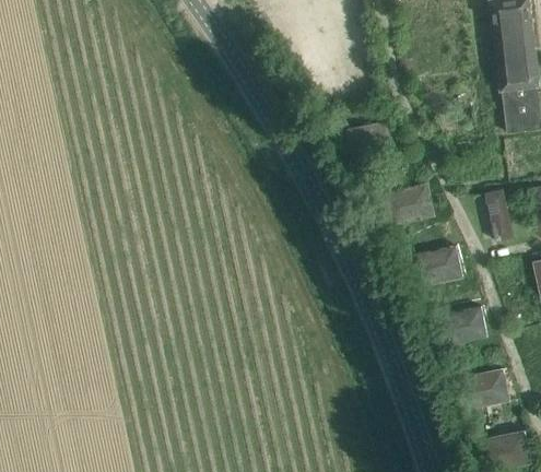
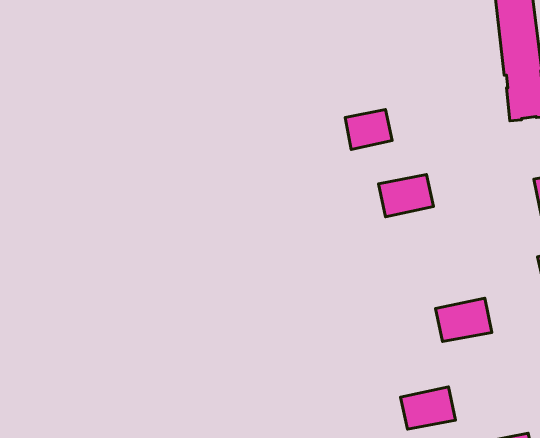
building: [486,189,514,240] -> none
building: [411,246,463,285] -> none
building: [458,368,510,409] -> [401,387,455,429]

